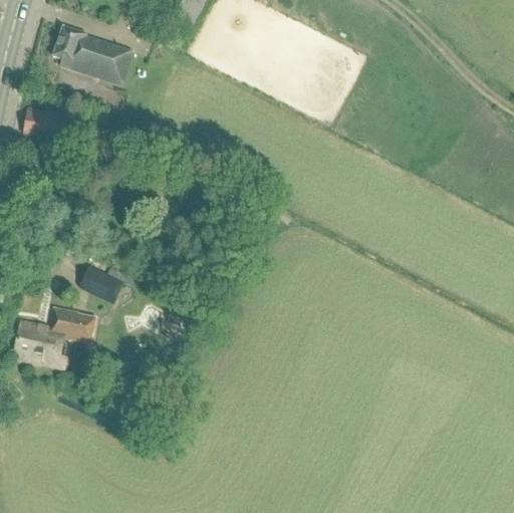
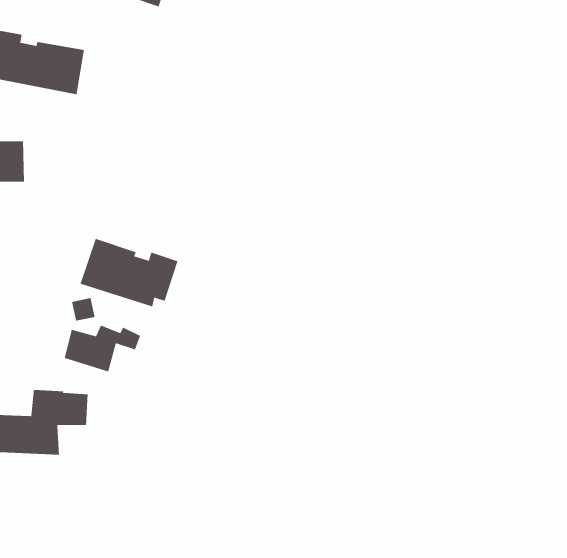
building: none -> [80,238,179,307]

